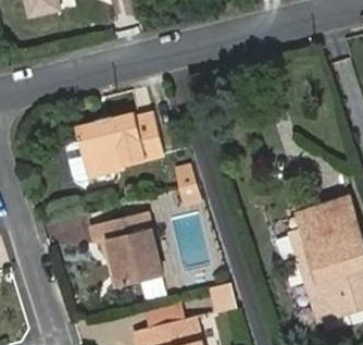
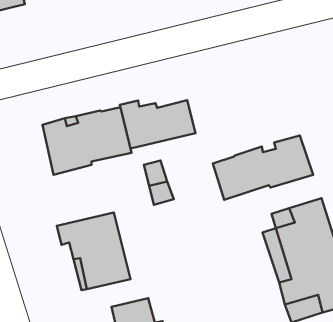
building: none -> [120,100,196,148]
building: none -> [213,135,313,200]

